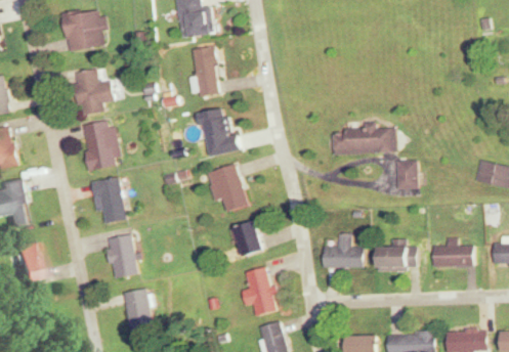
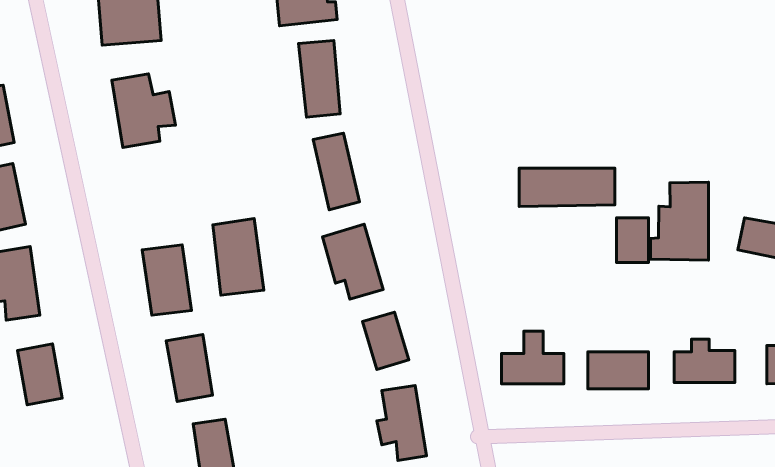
building: [83,121,116,170] -> [213,218,264,295]
building: none -> [650,182,709,260]

